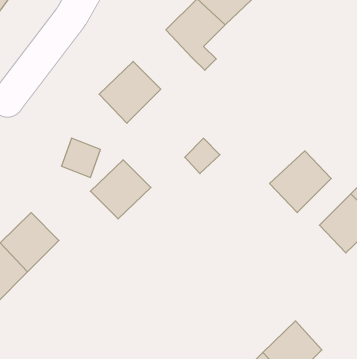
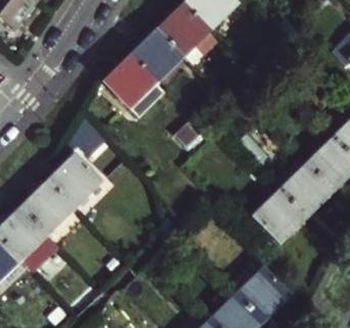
building: none -> [133,32,182,80]
building: [270,151,331,213] -> [257,191,307,242]
building: [90,160,151,219] -> [50,155,100,204]

